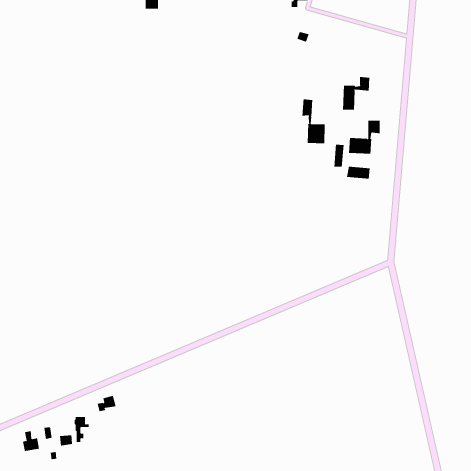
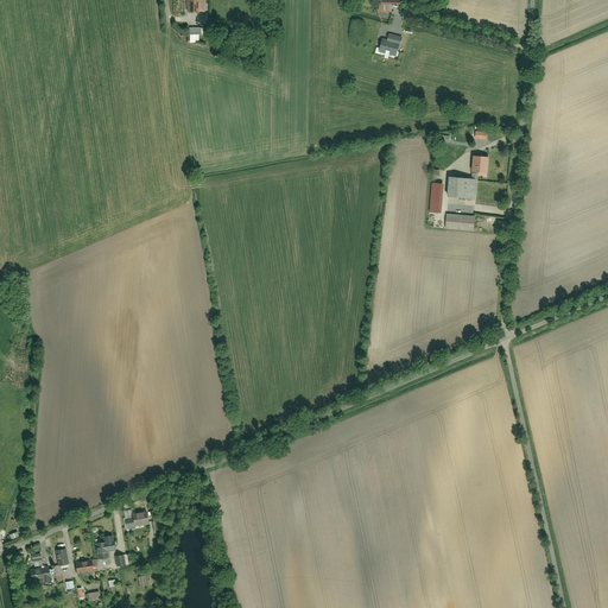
building: [343,76,370,110] -> none
building: [302,99,325,144] -> none

